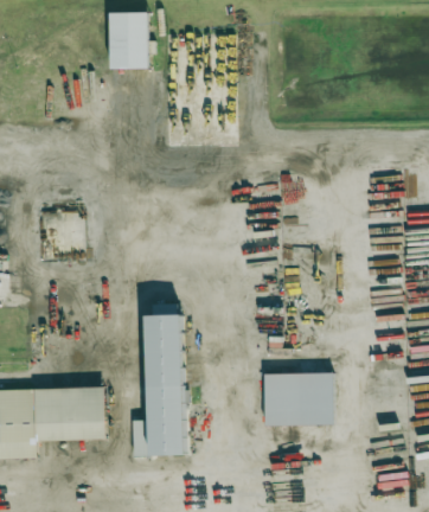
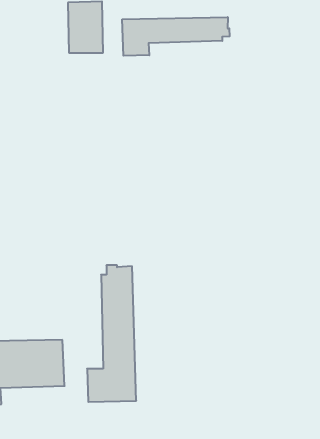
building: none -> [122,17,230,56]
building: [263,372,333,425] -> none

